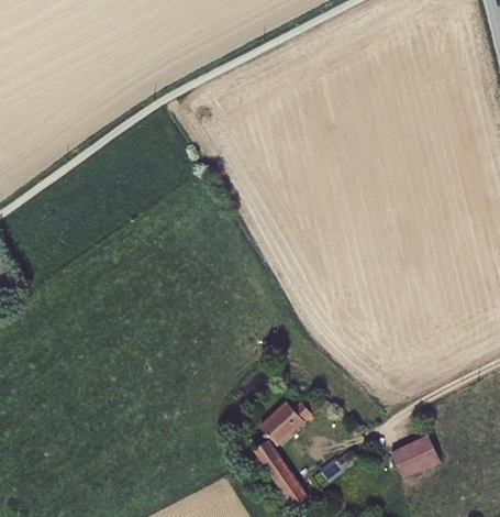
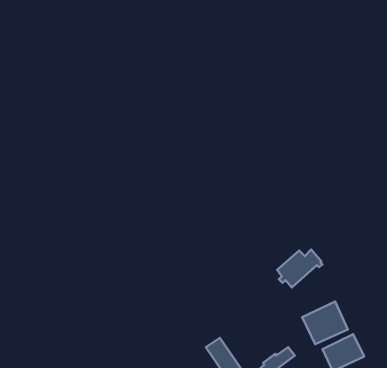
building: none -> [302,301,348,344]
building: [260,399,314,444] -> [277,250,322,287]

